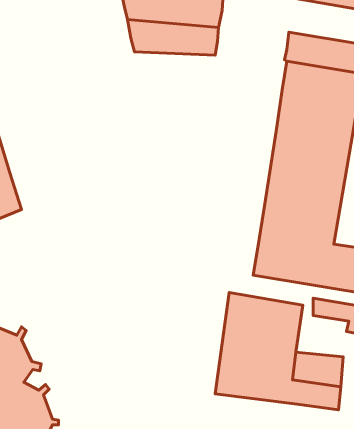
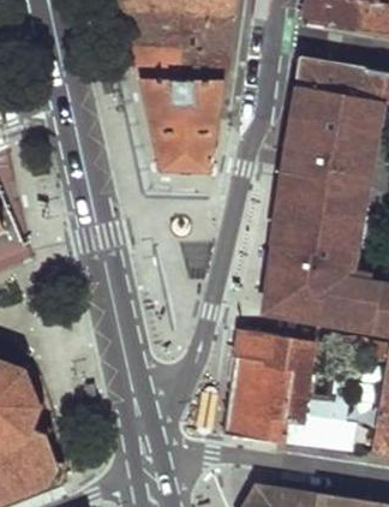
building: none -> [140,78,225,173]

